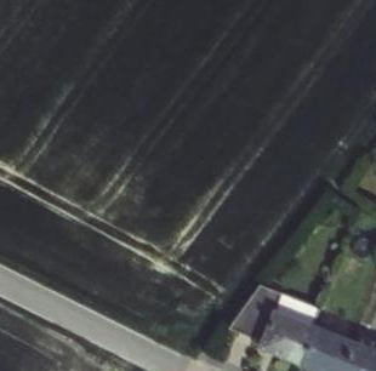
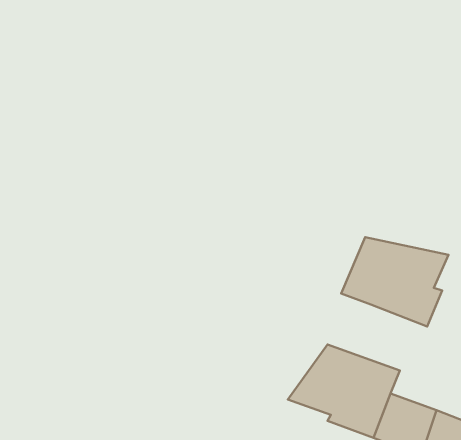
building: none -> [341,237,448,327]

